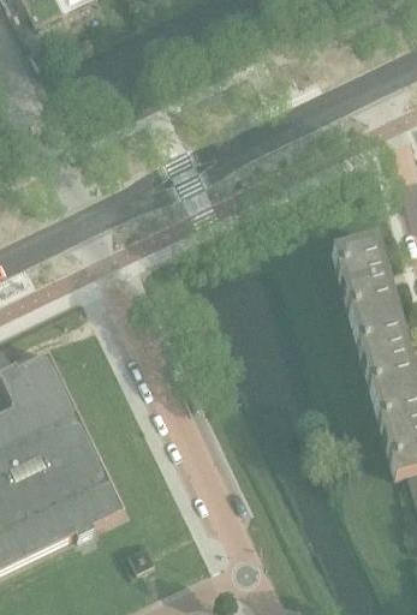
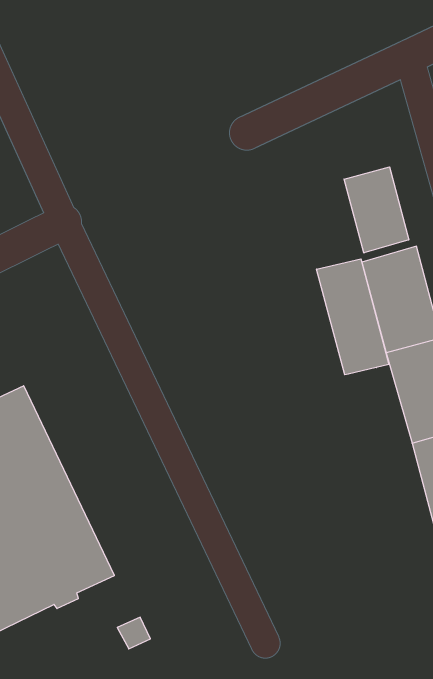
building: none -> [344,167,409,253]
building: none -> [317,259,389,375]

